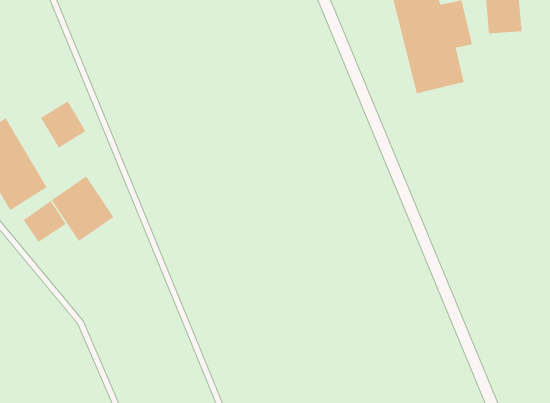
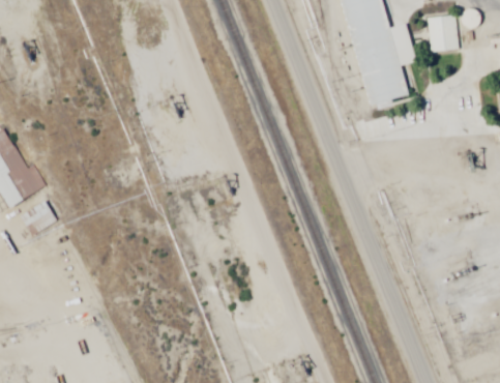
building: [40,100,86,148] -> none
building: [51,176,114,242] -> none

